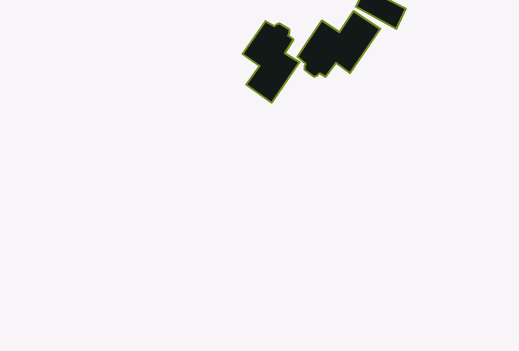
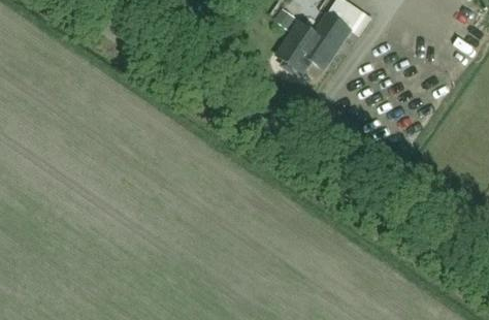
building: [243,21,300,103] -> none

